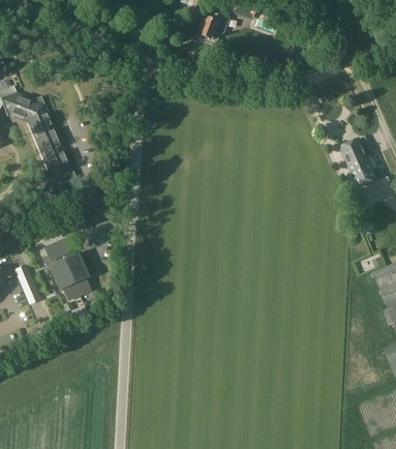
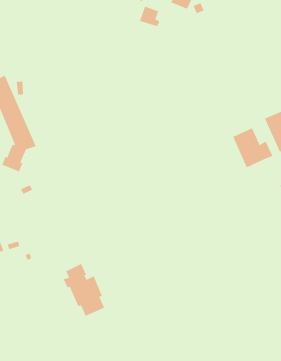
building: none -> [232,128,273,168]
building: [41,238,90,300] -> [63,263,105,317]

